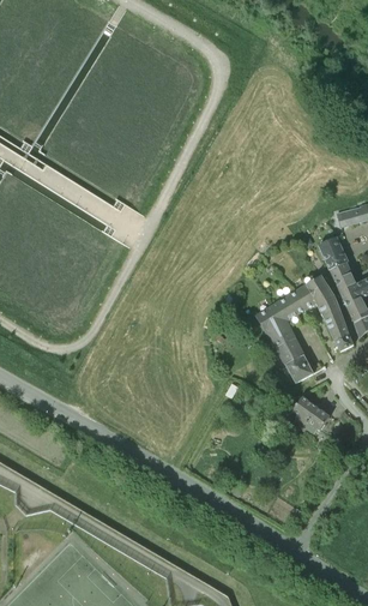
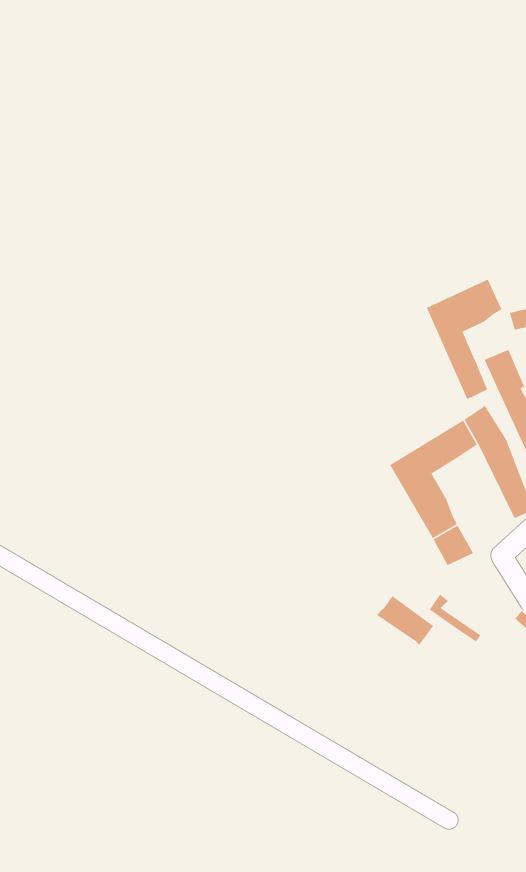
building: none -> [426,279,503,400]
building: [292,396,331,430] -> [376,595,434,646]

